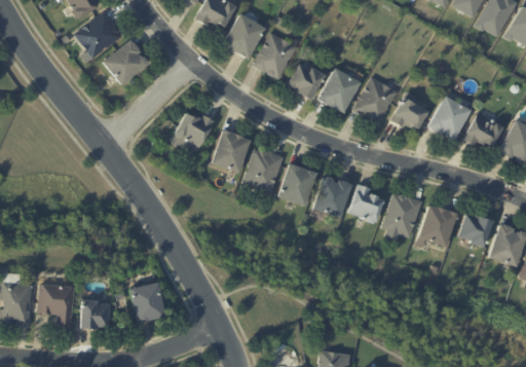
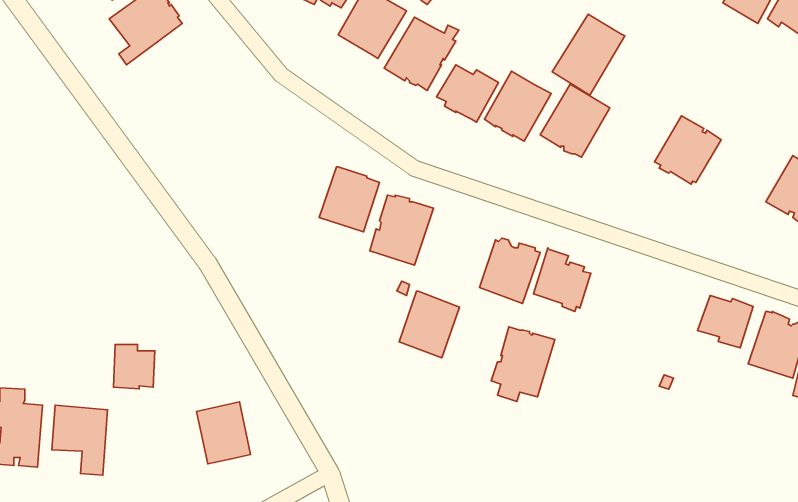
building: none -> [552,14,625,95]
building: [103,40,147,85] -> none
building: [389,98,428,131] -> none
building: [171,108,213,149] -> none
building: [464,114,508,149] -> none
building: [278,162,317,206] -> [399,291,459,358]
building: [381,192,422,241] -> [491,327,555,402]
building: [413,204,458,250] -> none
building: [81,299,108,328] -> [114,344,155,389]

